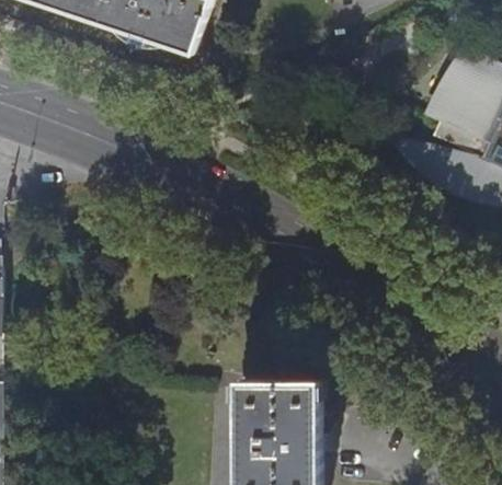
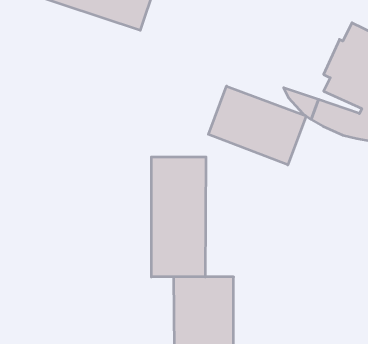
building: none -> [208,86,306,165]
building: none -> [151,157,206,277]

